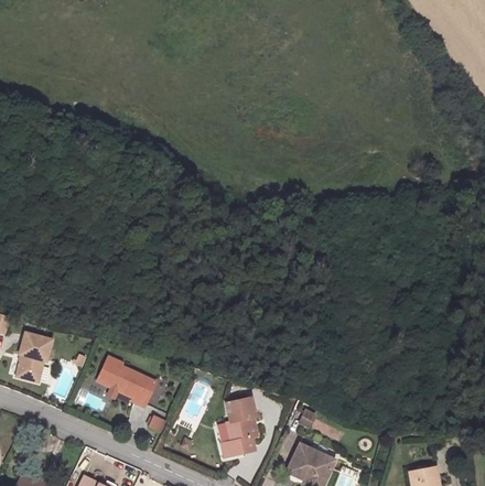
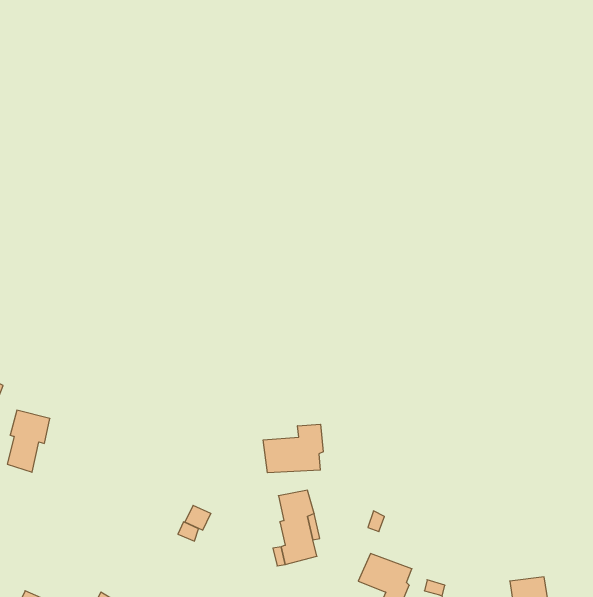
building: none -> [263,424,323,473]
building: [98,361,151,411] -> none

